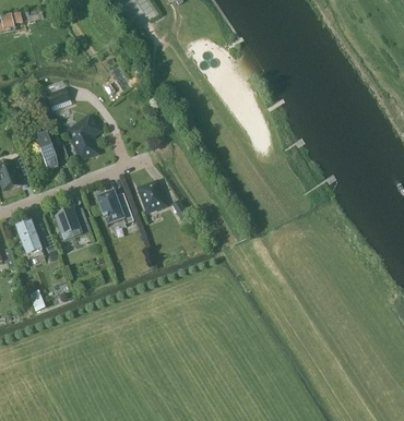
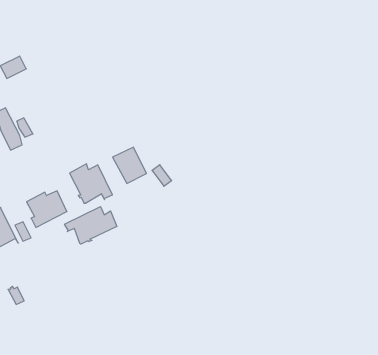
building: [72,117,98,157] -> none
building: none -> [65,207,117,244]

